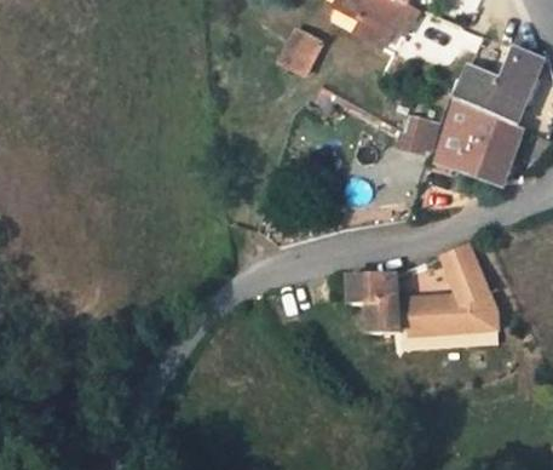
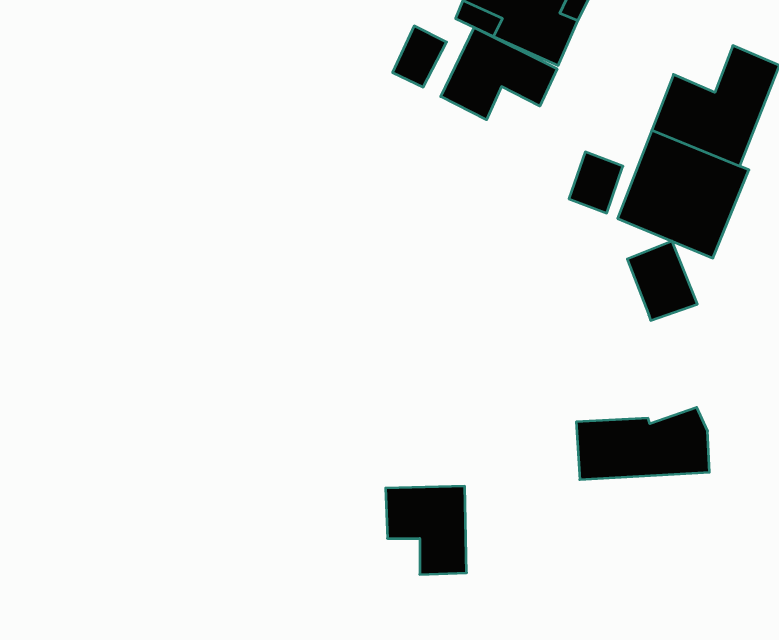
building: none -> [441,27,557,120]
building: [439,245,486,298] -> [627,241,697,320]
building: [344,273,398,332] -> [386,486,467,574]

